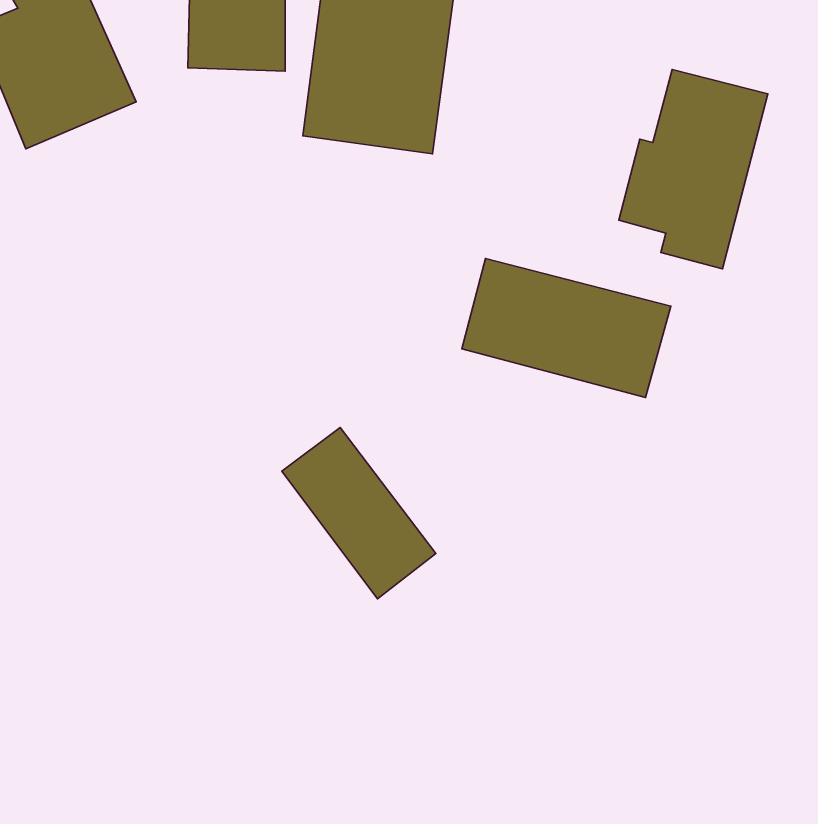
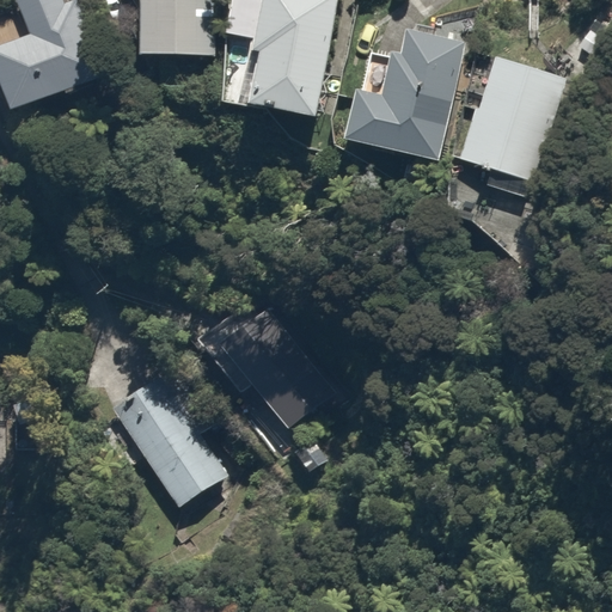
building: none -> [355,25,461,159]
building: [462,259,671,397] -> none
building: none -> [109,372,228,503]

